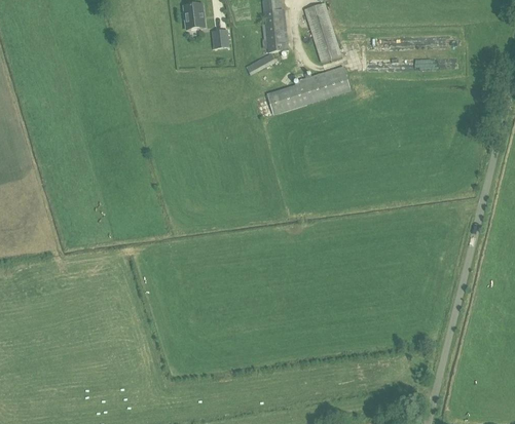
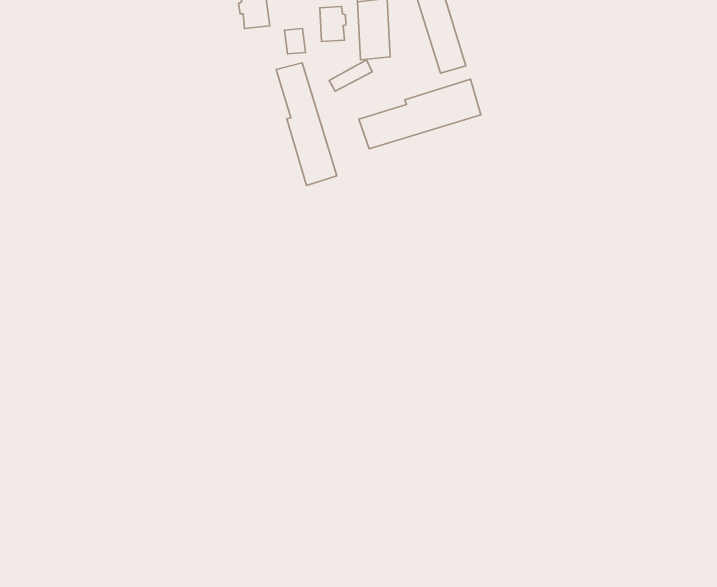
building: none -> [320,7,346,42]
building: none -> [276,63,337,186]

